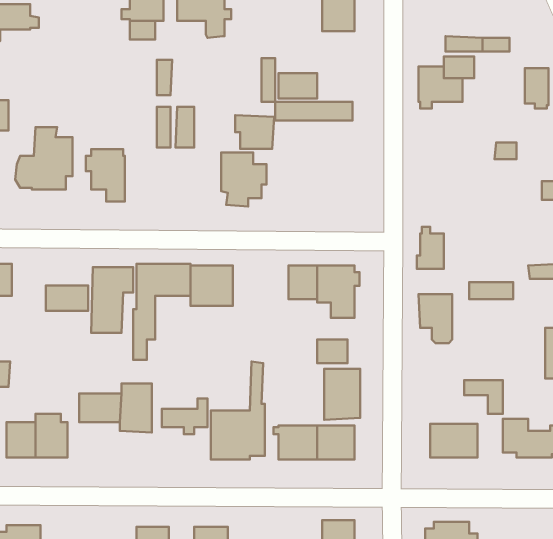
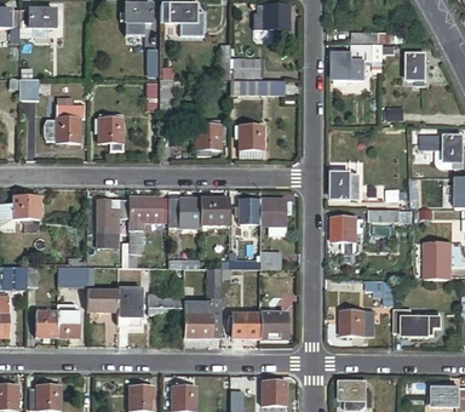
building: [235,115,274,149] -> [234,125,262,149]
building: none -> [199,198,229,227]
building: [46,286,88,311] -> [58,267,88,285]
building: [324,369,360,420] -> none

